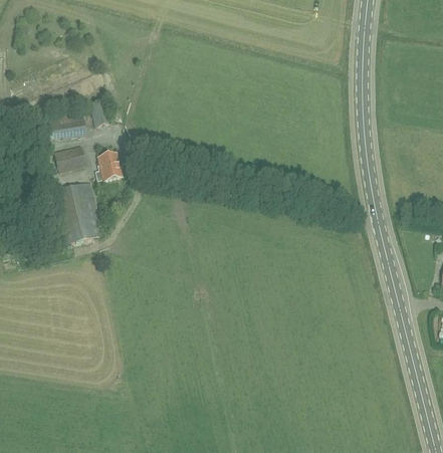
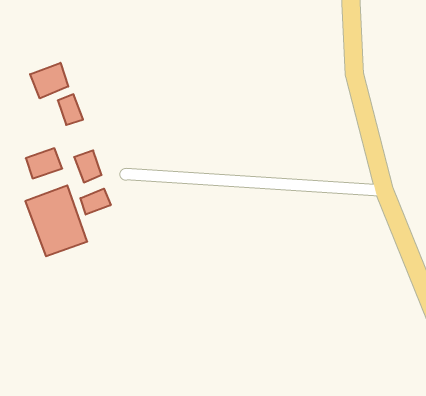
building: none -> [30,63,68,98]
building: none -> [80,189,111,215]

